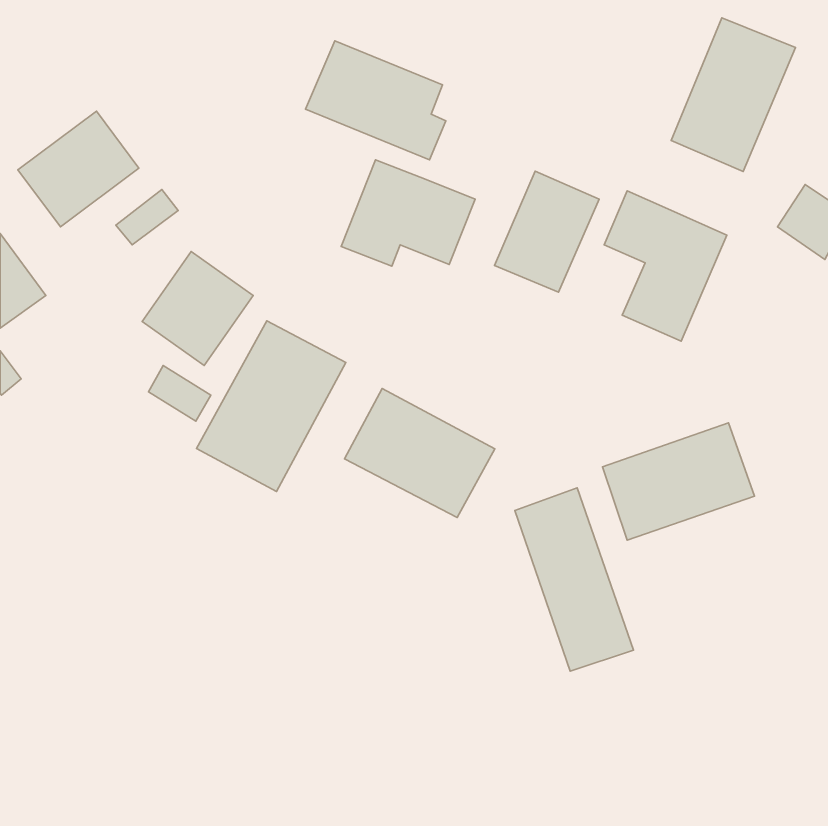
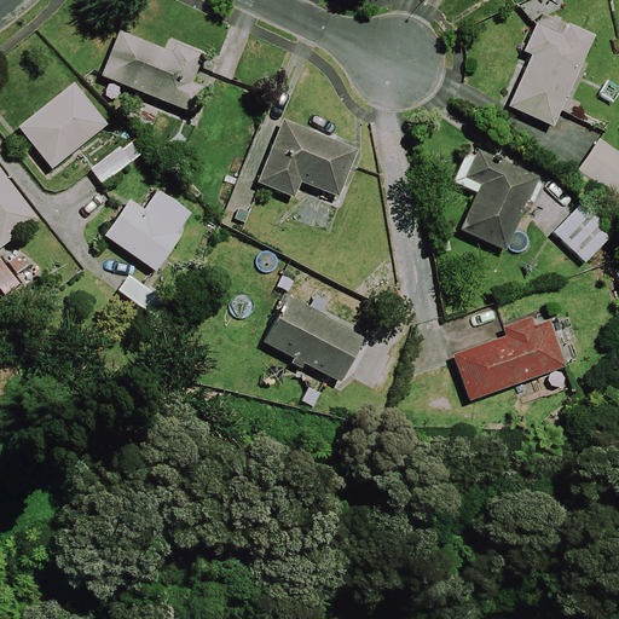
building: [305,41,446,160] -> [99,23,203,111]
building: [495,171,599,292] -> none
building: none -> [553,201,611,260]
building: [196,321,346,492] -> none
building: [515,488,633,671] -> none

